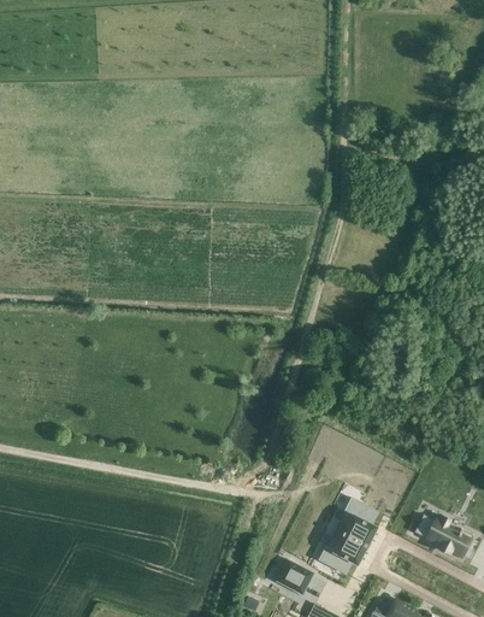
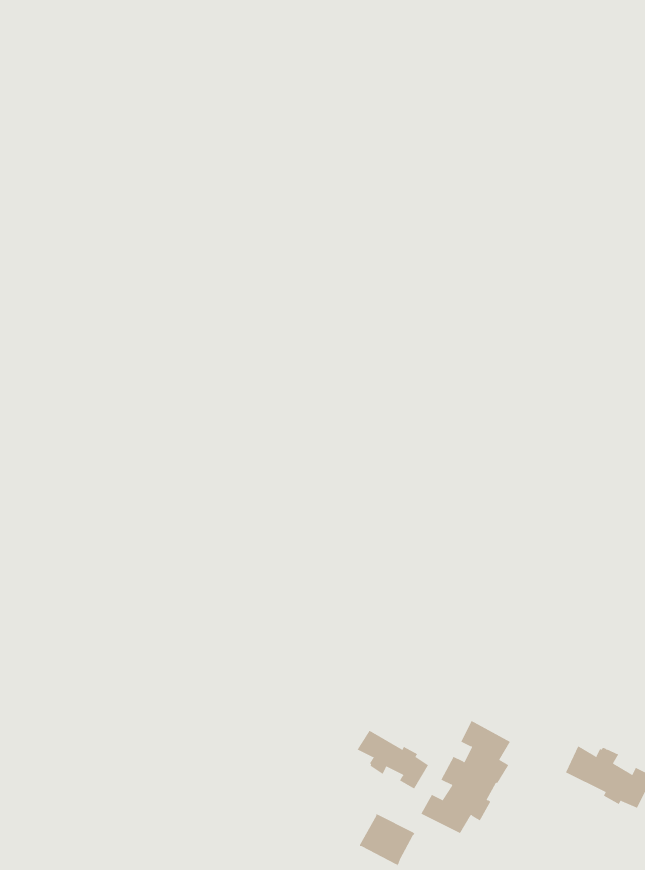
building: none -> [357,730,429,790]

